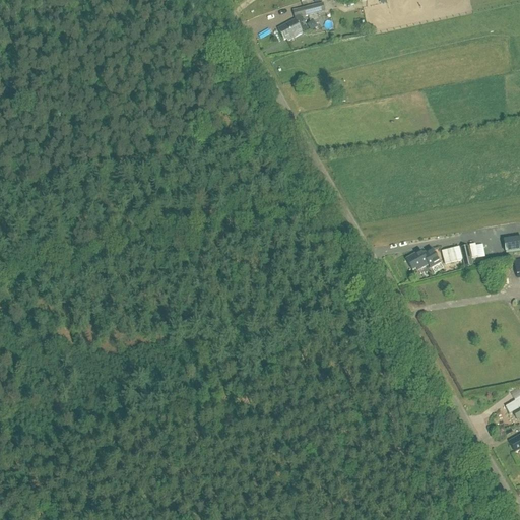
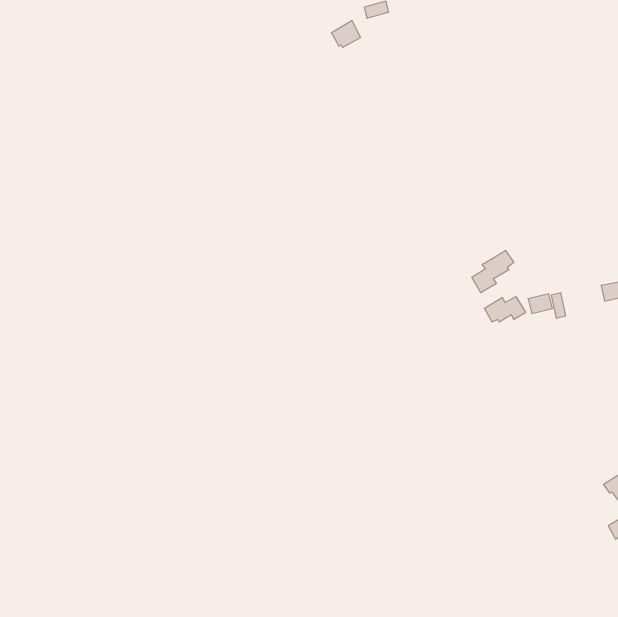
building: none -> [472,250,514,293]

